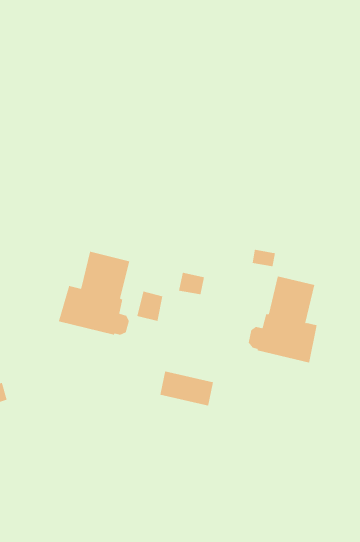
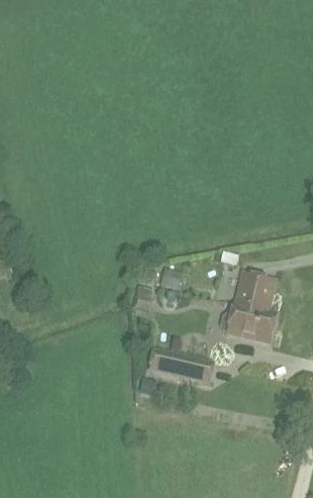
building: [58,251,130,336] -> none

